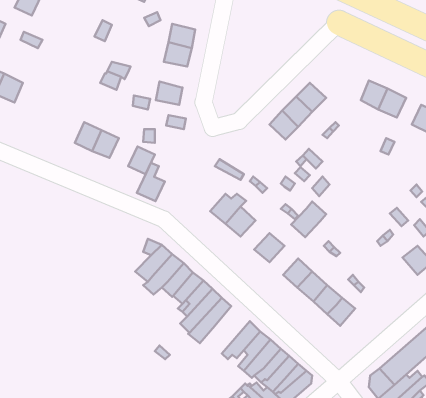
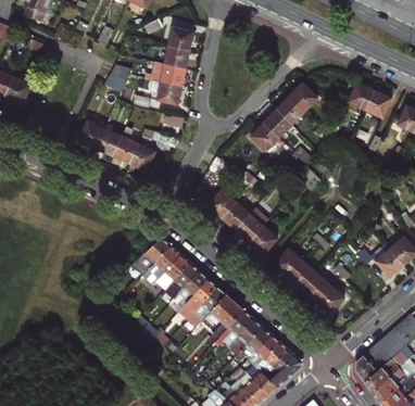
building: none -> [144,63,186,89]
building: none -> [250,124,284,156]
building: [137,163,165,201] -> [113,127,139,163]
building: [291,201,326,237] -> [236,207,268,241]
building: none -> [357,244,402,278]
building: none -> [211,294,244,342]

